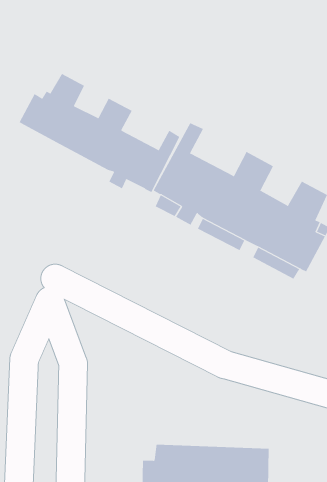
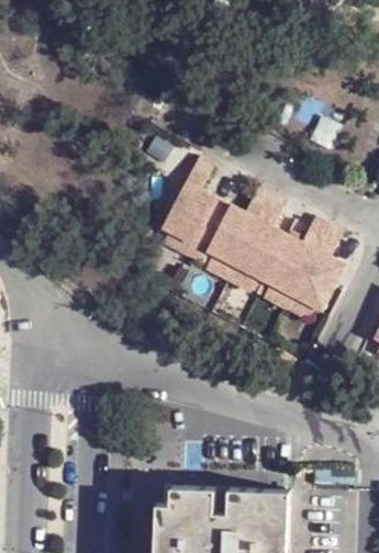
building: [19,73,180,193] -> none

